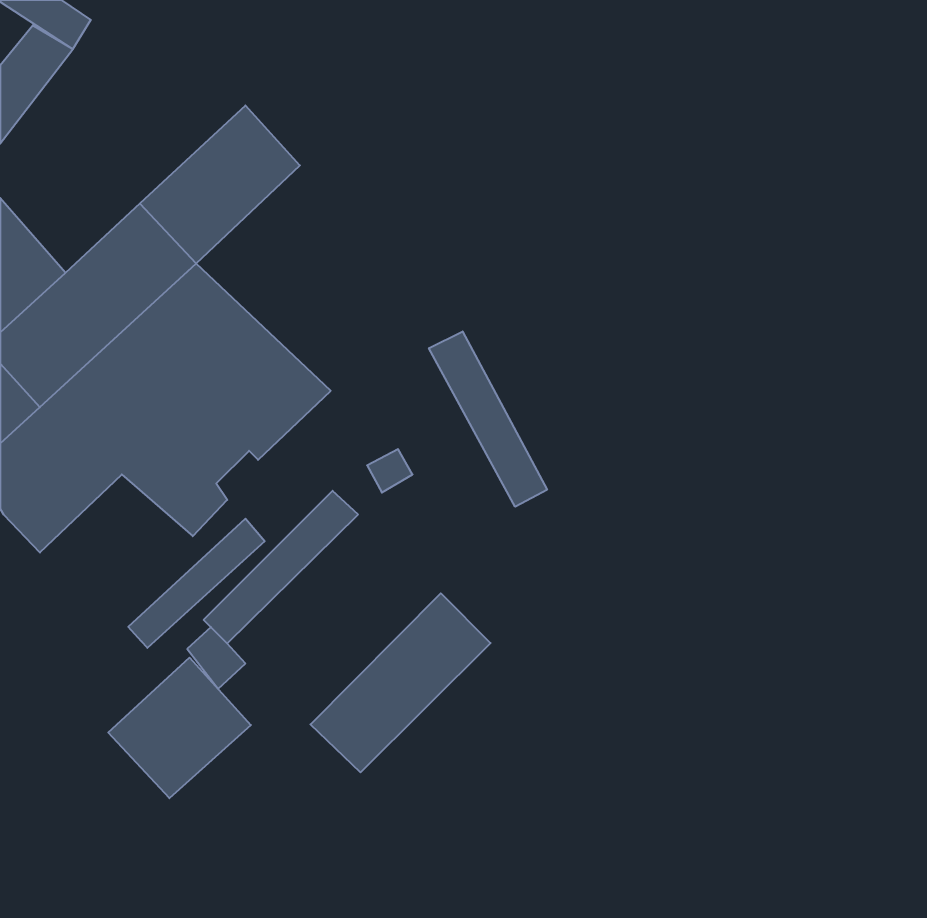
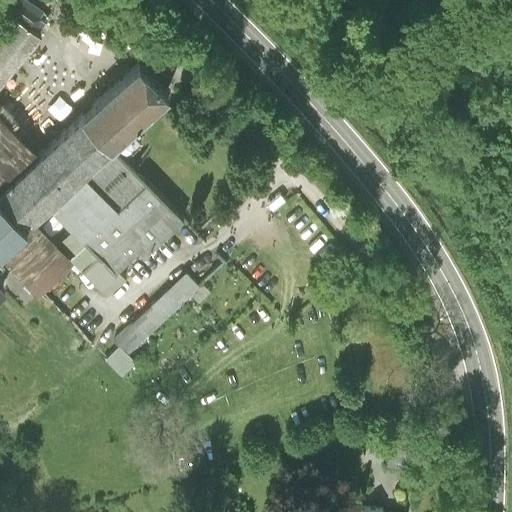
building: [429,331,547,507] -> none
building: [128,519,265,648] -> none
building: [310,593,491,772] -> none
building: [108,658,251,798] -> none

